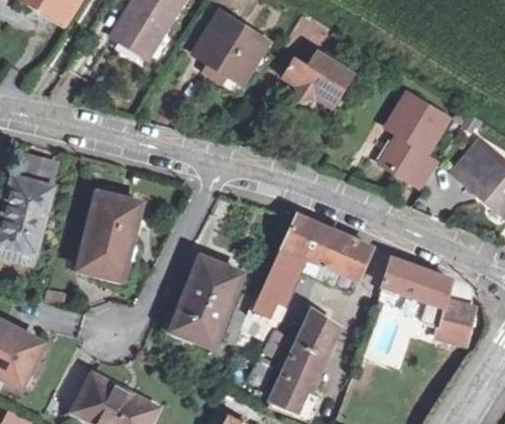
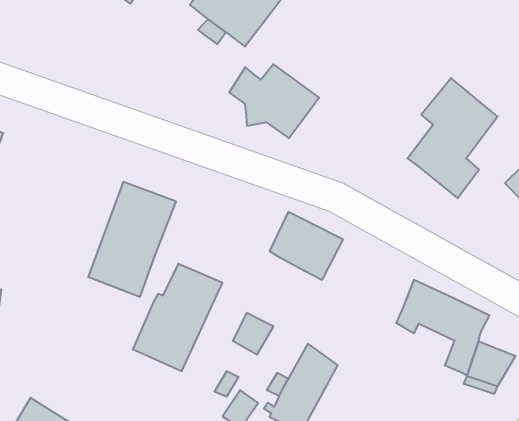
building: [281,51,353,109] -> [229,64,319,138]
building: [77,192,141,282] -> [88,182,176,297]
building: [319,229,372,280] -> none
building: [261,247,304,302] -> none

